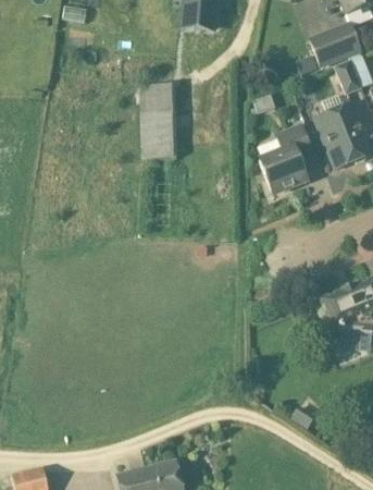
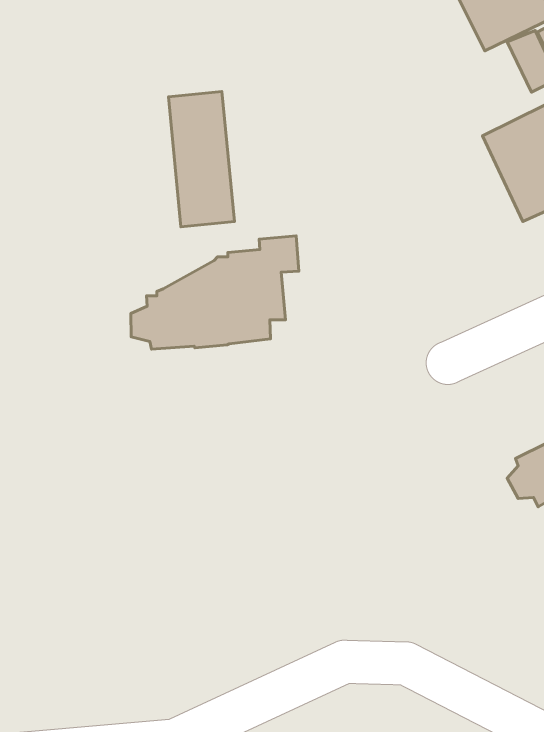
building: [259,125,312,194] -> none
building: none -> [131,236,299,349]

